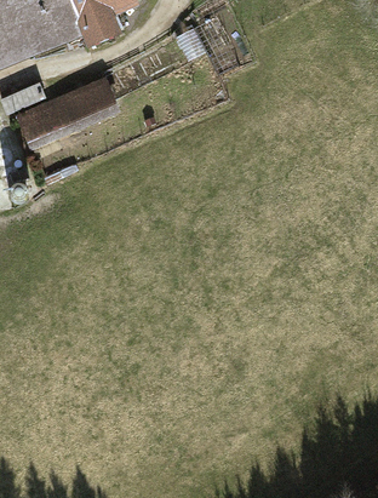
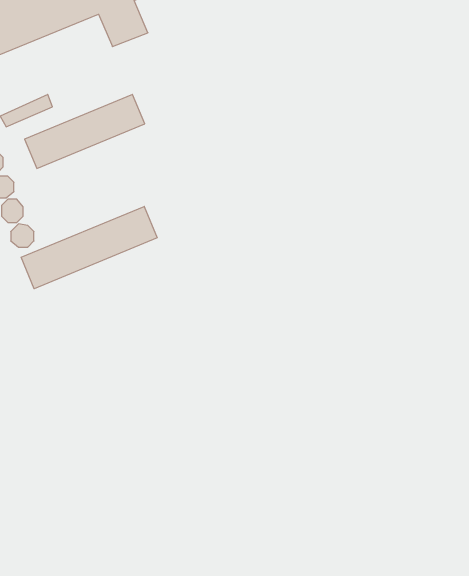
building: none -> [21,206,157,289]

